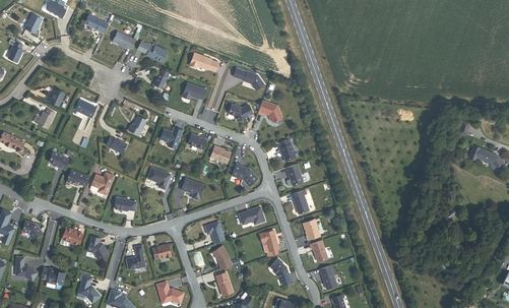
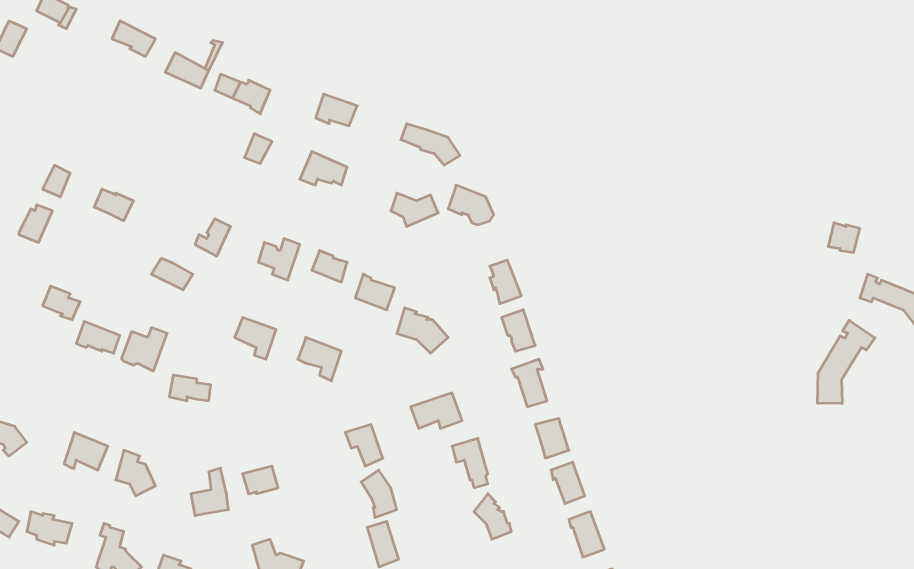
building: none -> [818,320,875,404]

